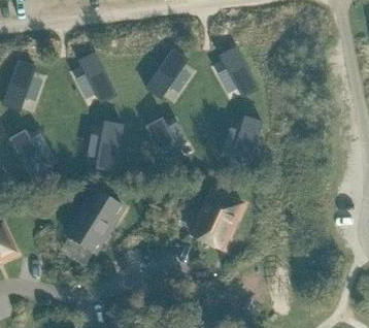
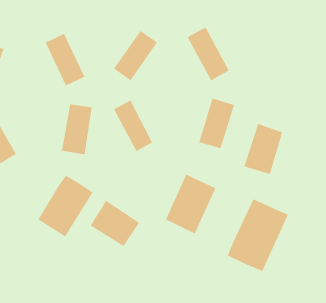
building: none -> [244,123,283,175]
building: none -> [227,199,288,272]
building: none -> [90,200,140,247]

